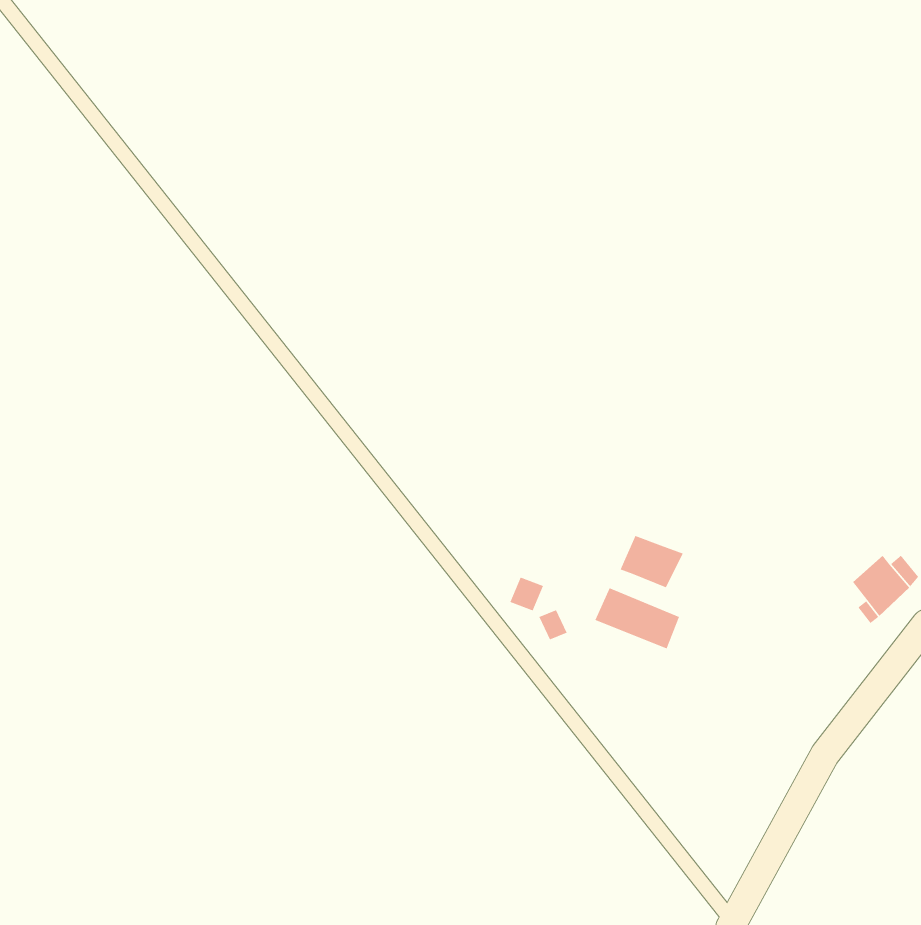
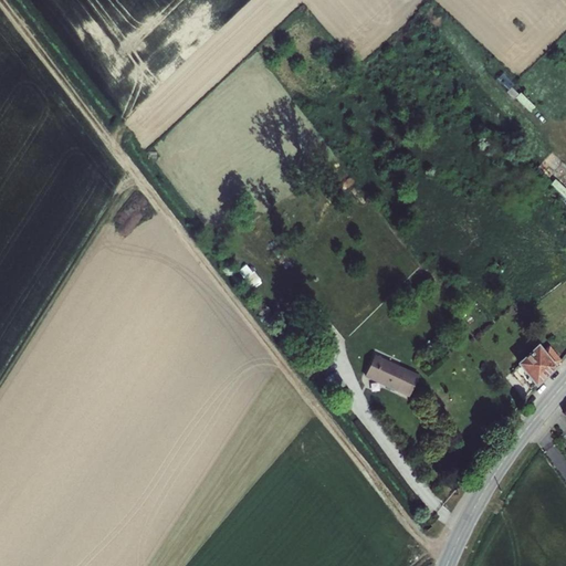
building: [620,535,683,588] -> none

